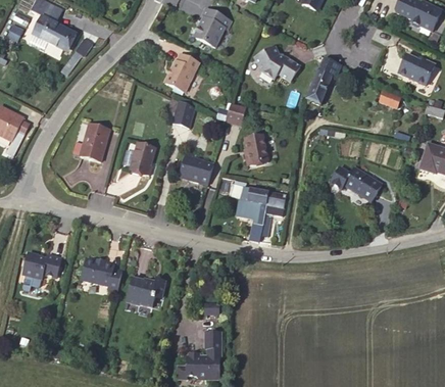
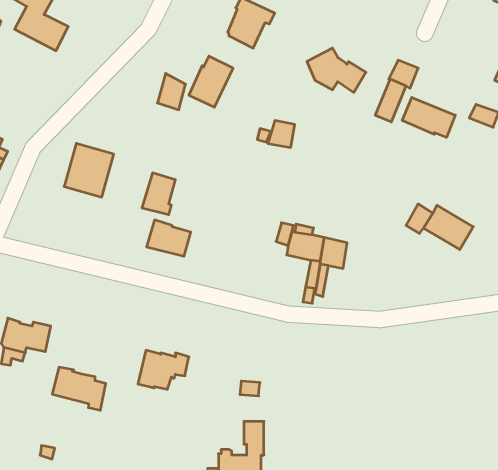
building: none -> [402,97,455,137]
building: [172,100,194,128] -> [157,73,186,110]
building: [245,135,268,165] -> none
building: [180,156,213,184] -> [147,220,191,256]
building: [81,259,121,292] -> [52,367,106,410]

